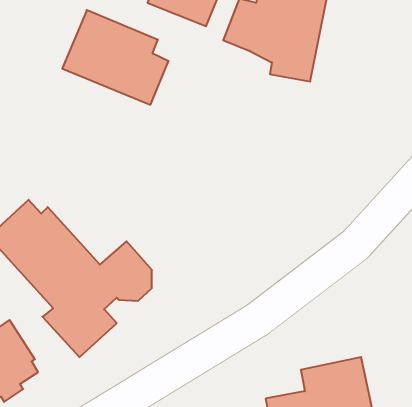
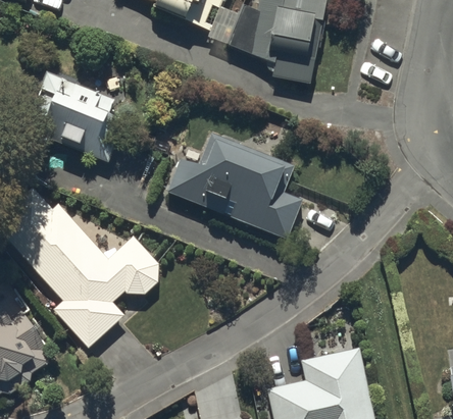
building: [62,10,169,105] -> [23,71,125,162]
building: none -> [166,134,303,240]

